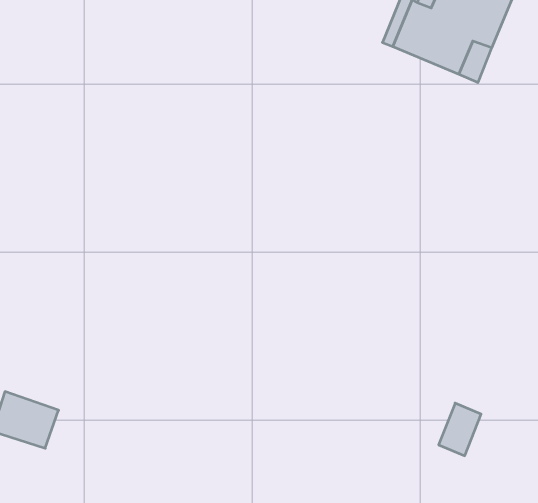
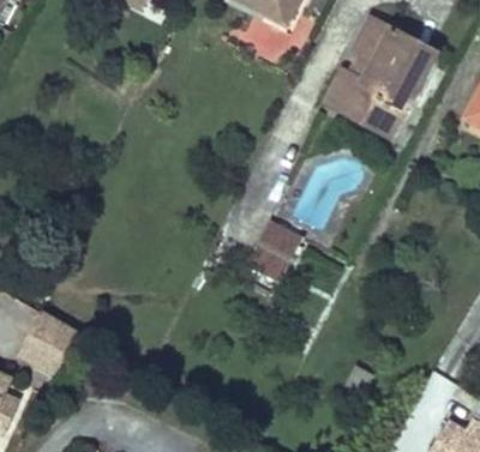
building: none -> [248,222,301,279]

